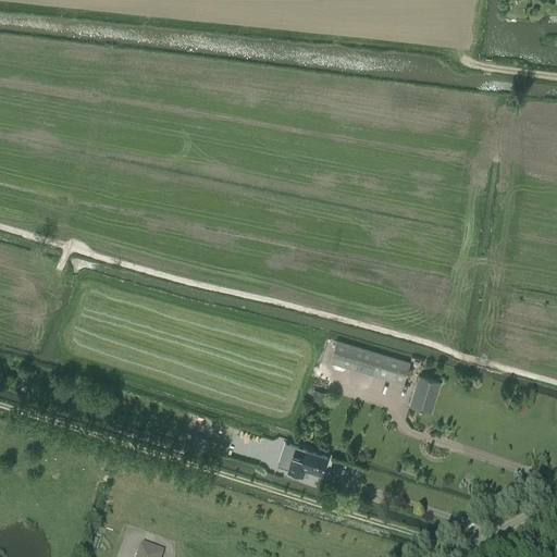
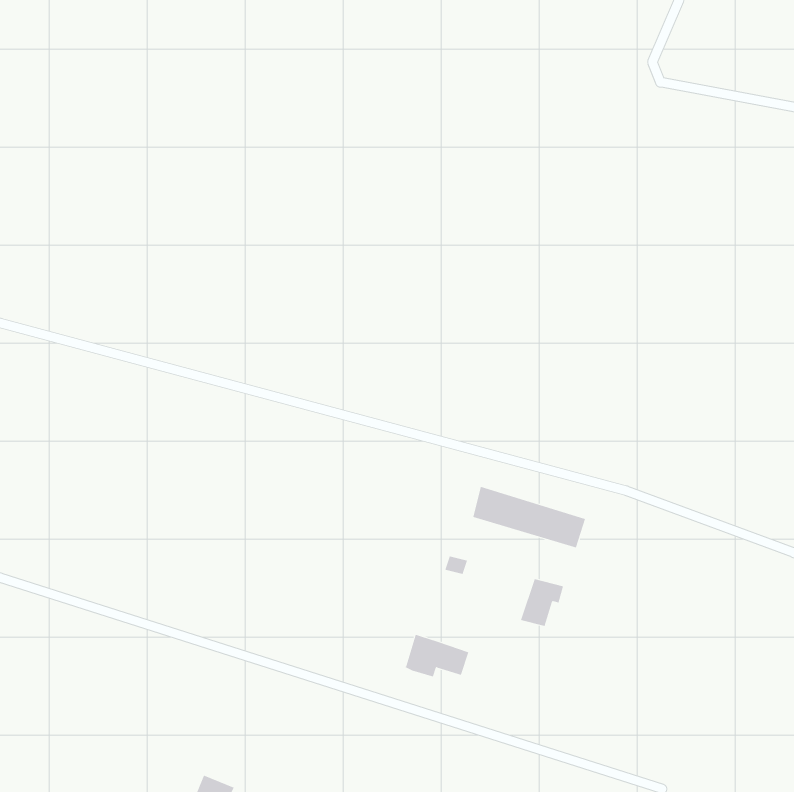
building: [410,377,441,411] -> [520,578,564,627]

